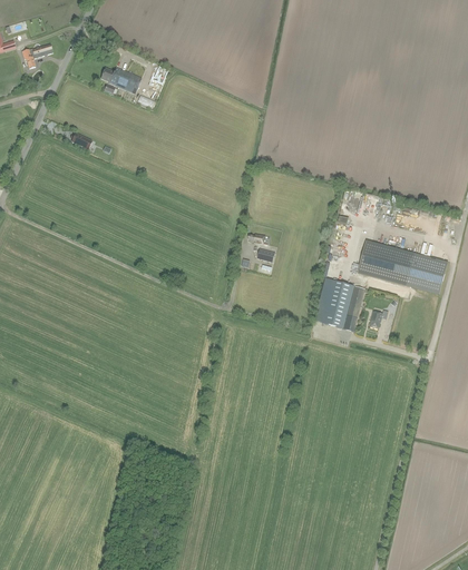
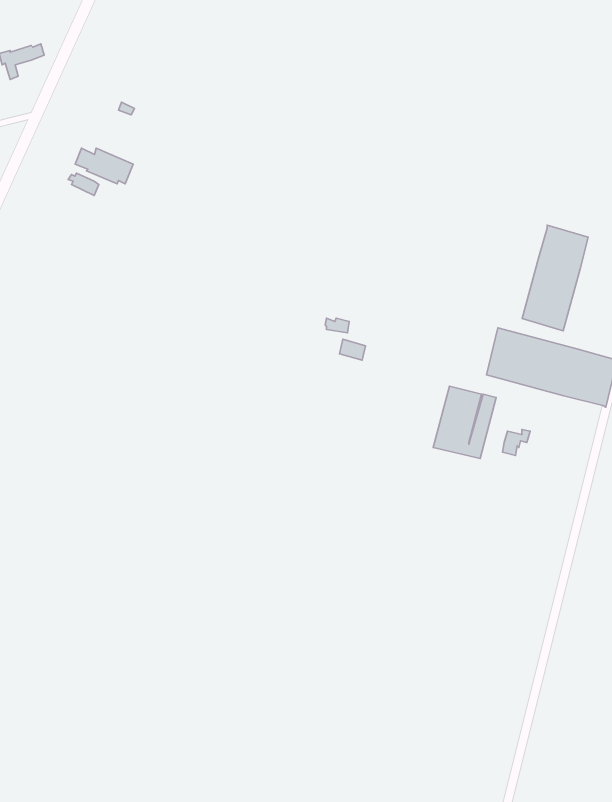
building: [99,67,139,91] -> [75,148,133,184]
building: none -> [522,225,588,331]

